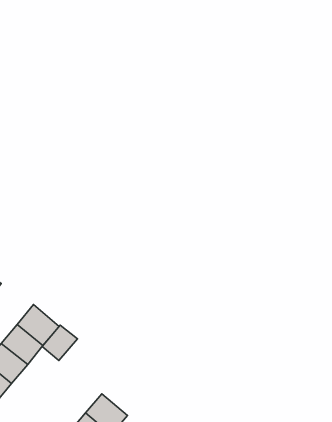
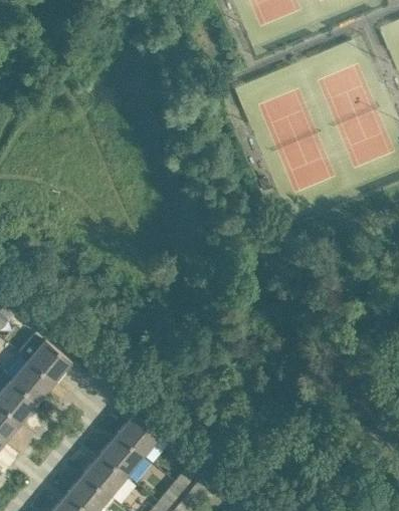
building: [42,325,77,360] -> none
building: none -> [115,417,158,460]

